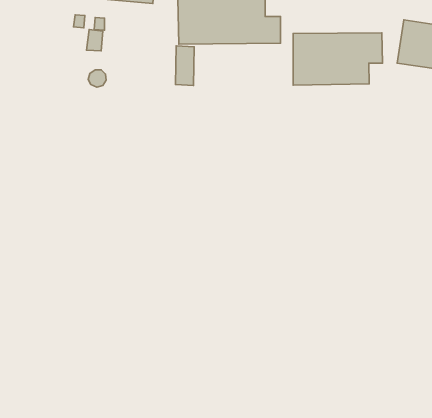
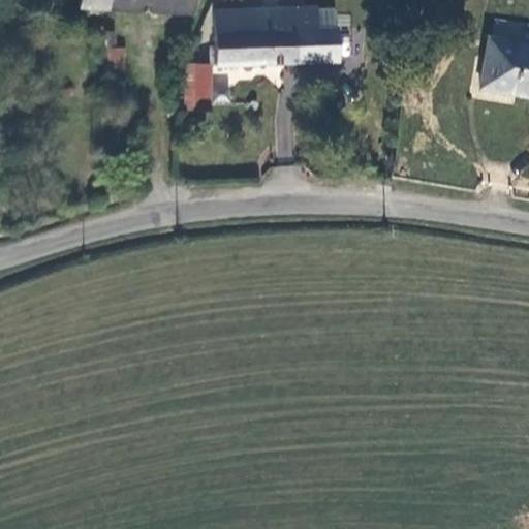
building: [293,33,382,85] -> none
building: none -> [188,62,212,110]

